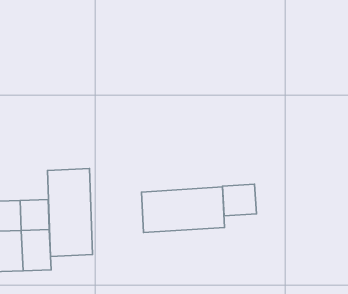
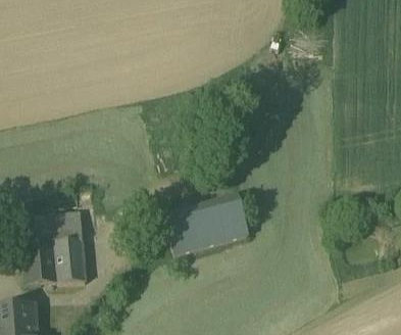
building: [48,169,92,256] -> none
building: [222,184,257,216] -> none

